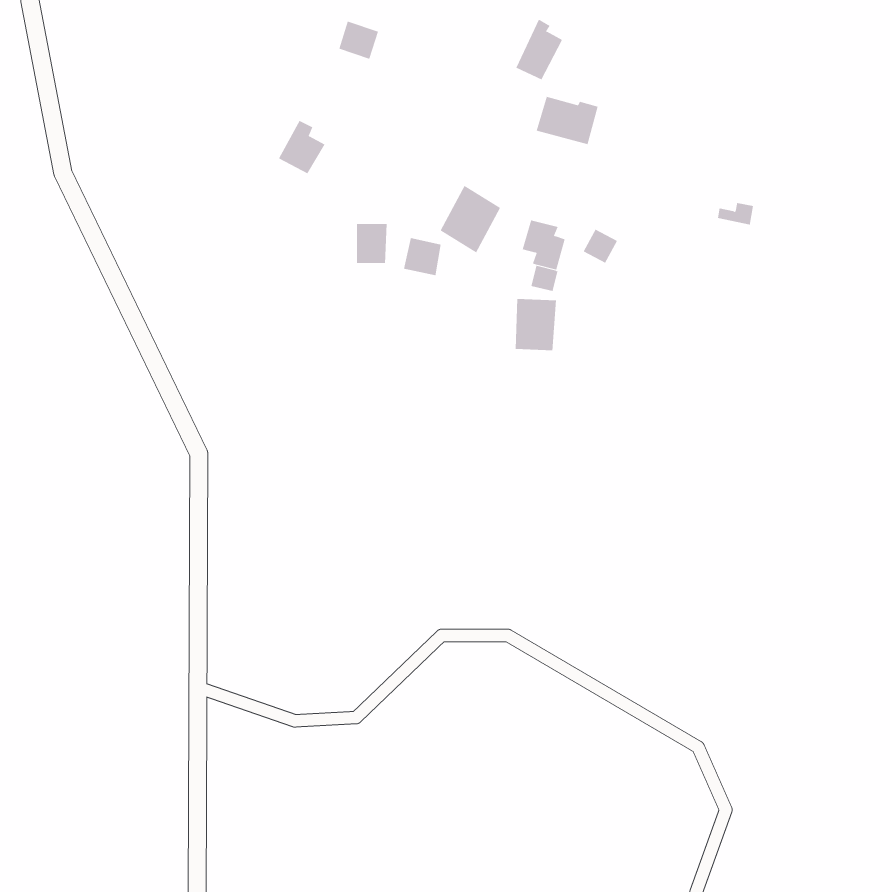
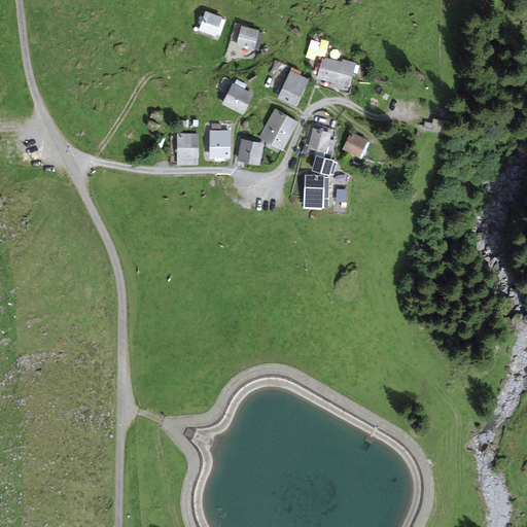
building: [516,19,563,80] -> [279,68,307,104]
building: none -> [236,27,261,49]
building: [278,120,325,174] -> [223,80,251,112]
building: none -> [175,135,197,165]

